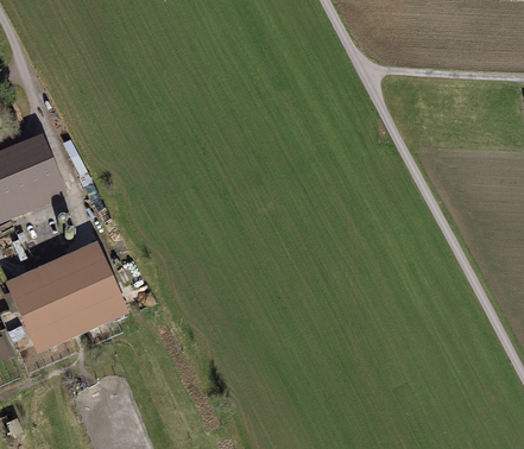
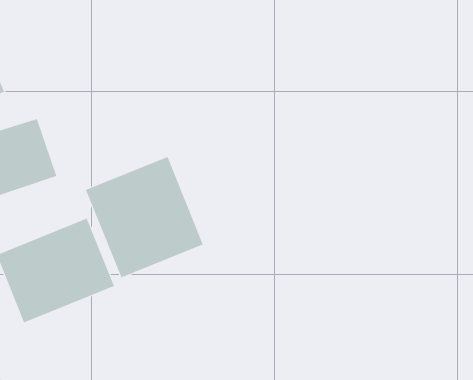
building: none -> [85,156,204,278]

